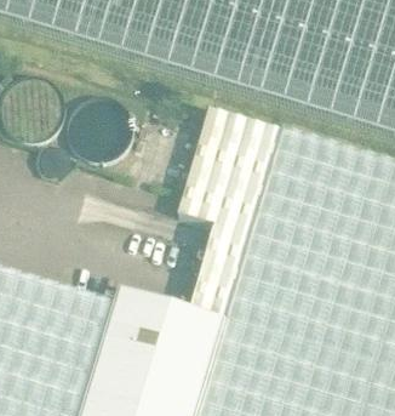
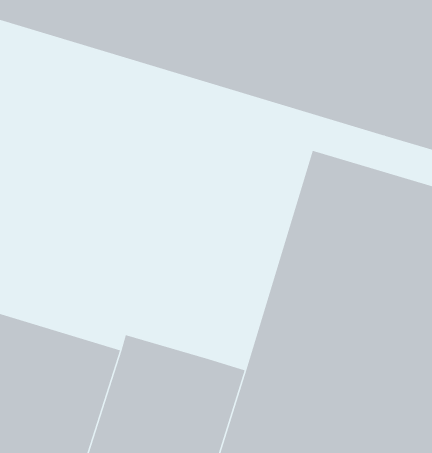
building: [178,109,280,318] -> none

